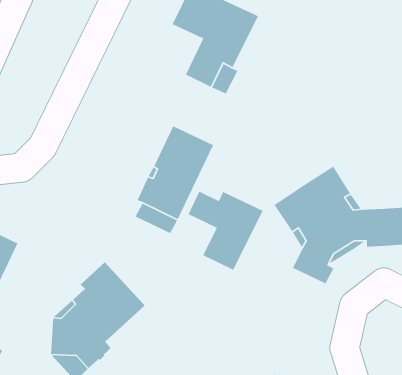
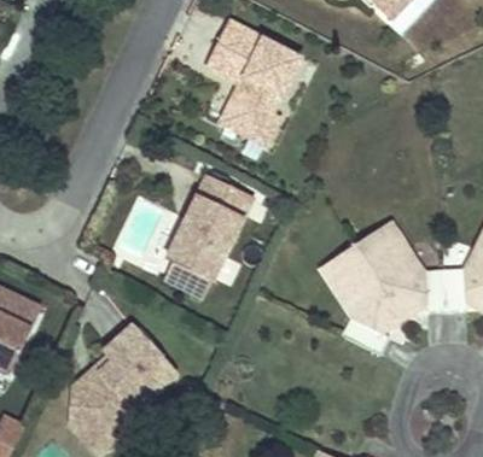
building: [188,191,264,271] -> none

